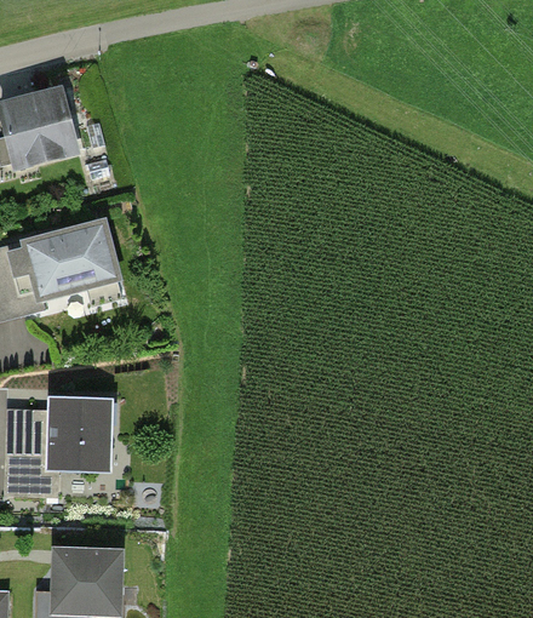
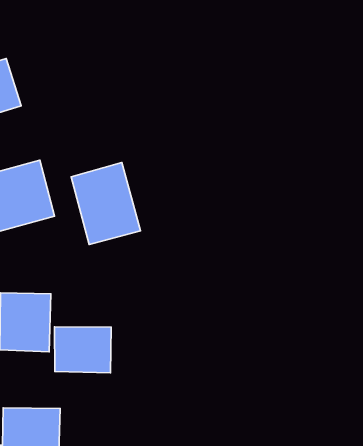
building: none -> [71,162,141,244]
building: none -> [55,327,111,373]

